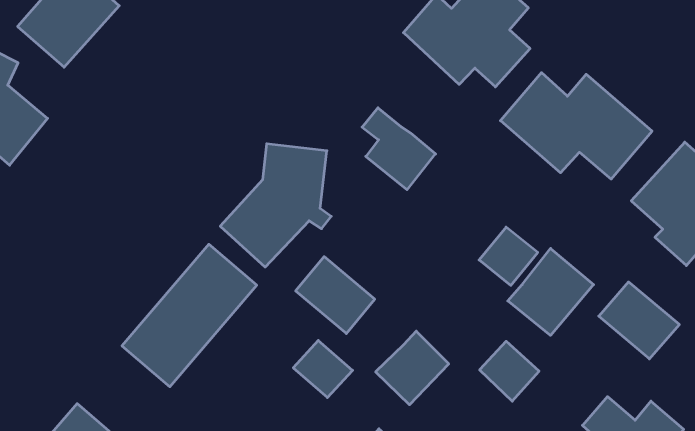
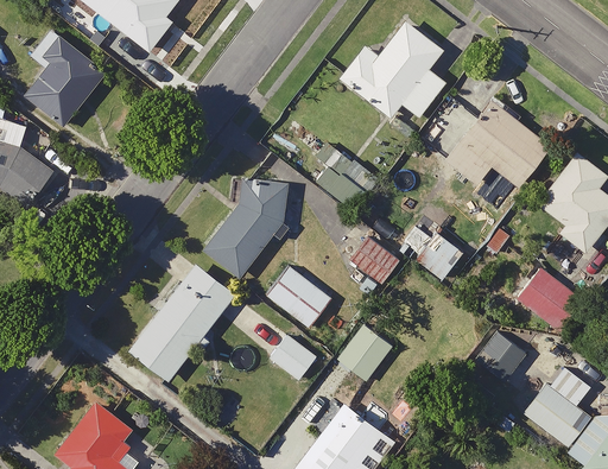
building: none -> [349,234,400,284]
building: [508,248,594,335] -> none
building: [480,341,539,401] -> [476,332,525,381]

